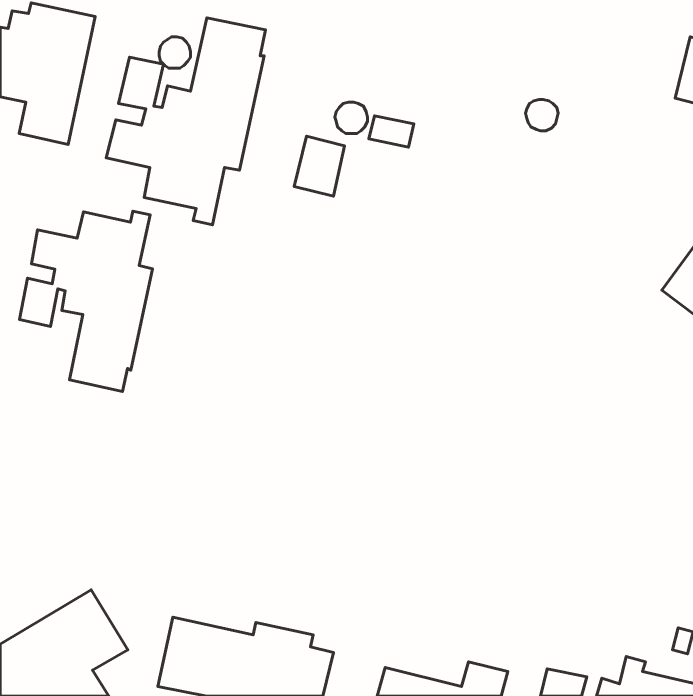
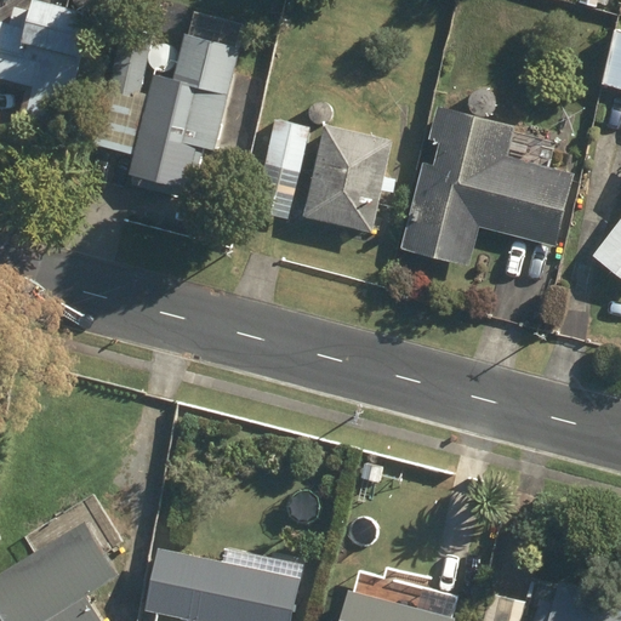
building: none -> [401,108,574,264]
building: none -> [303,126,395,235]
building: [20,211,153,391] -> none

